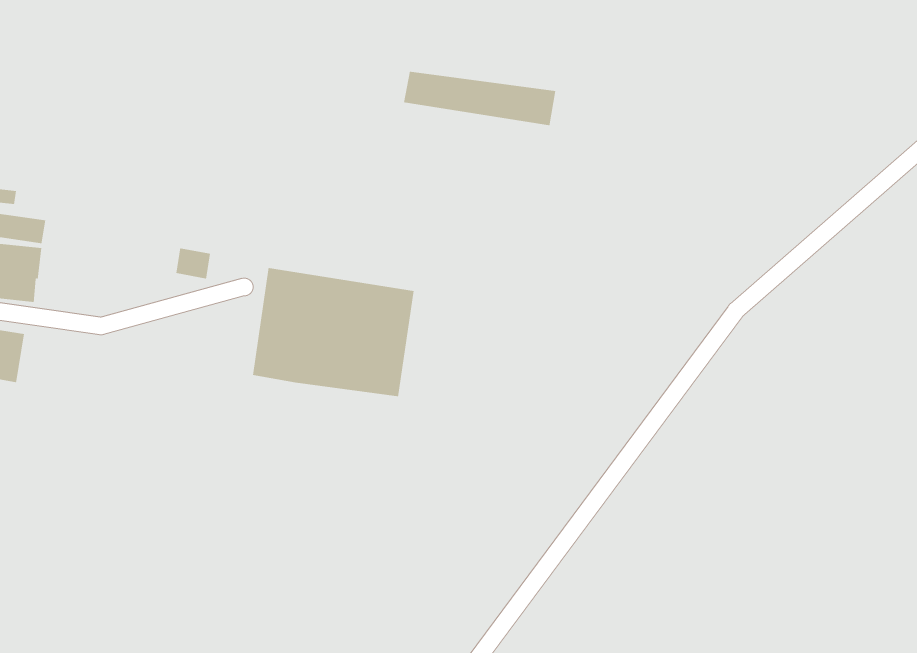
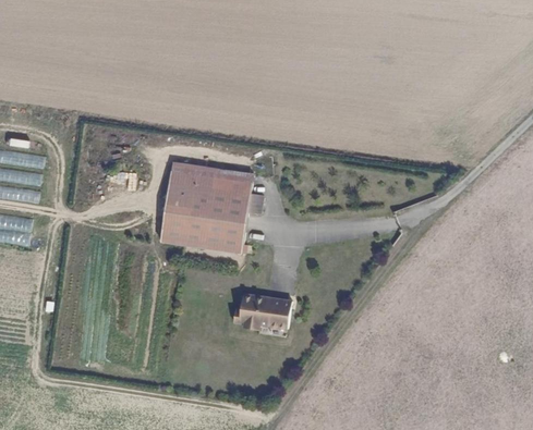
building: [403,71,556,126] -> [167,163,252,194]
building: none -> [231,292,290,329]

